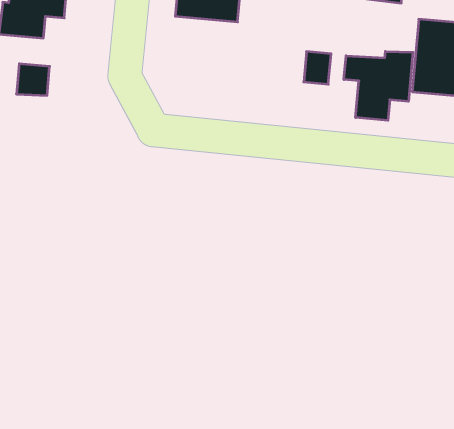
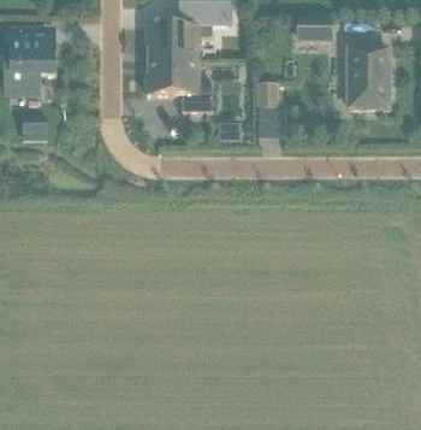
building: none -> [147,61,213,110]
building: [344,51,413,120] -> none

